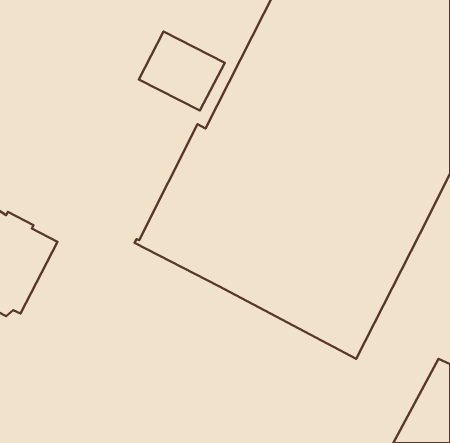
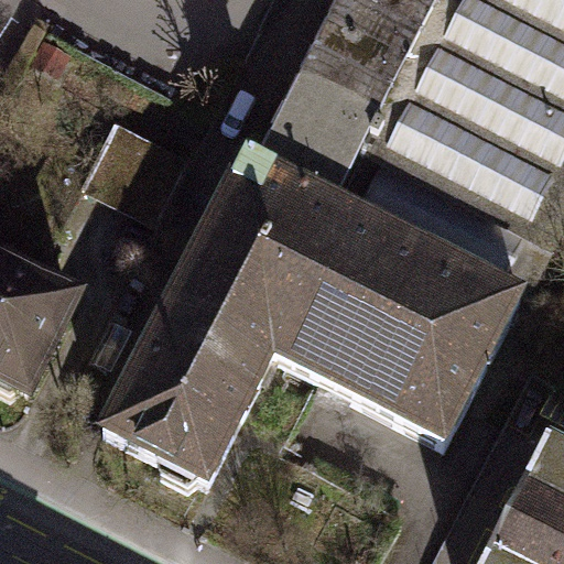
building: [139,32,225,111] -> [82,119,188,217]
building: none -> [101,302,272,485]

